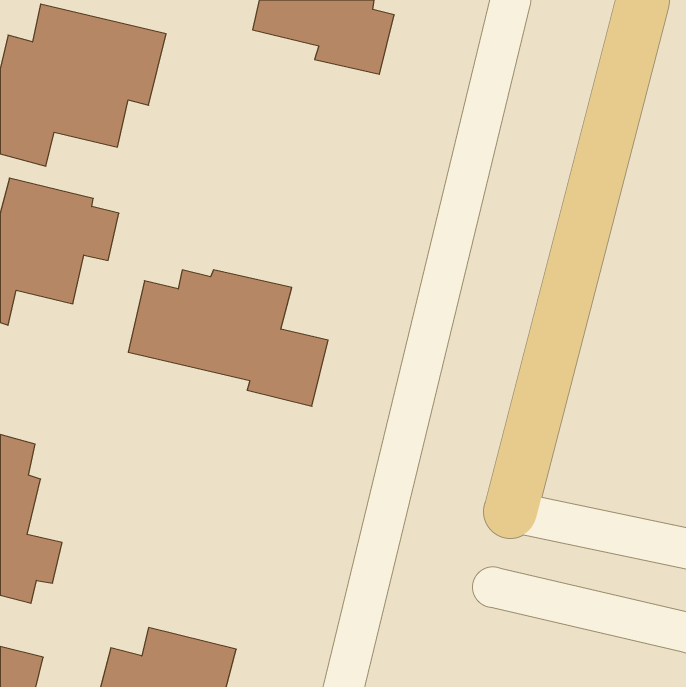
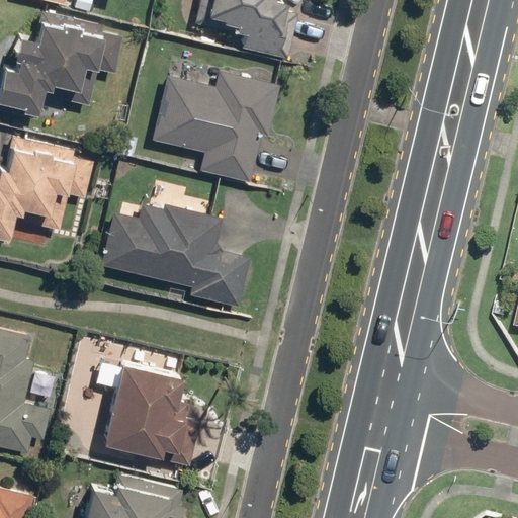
building: none -> [150,70,278,183]
building: none -> [93,359,199,466]

